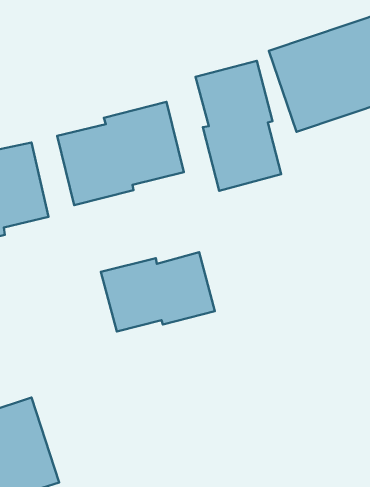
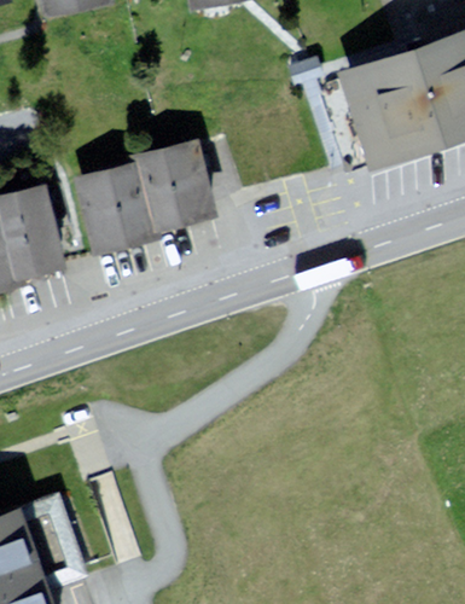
building: [196,61,281,191] -> none
building: [101,252,215,332] -> none

